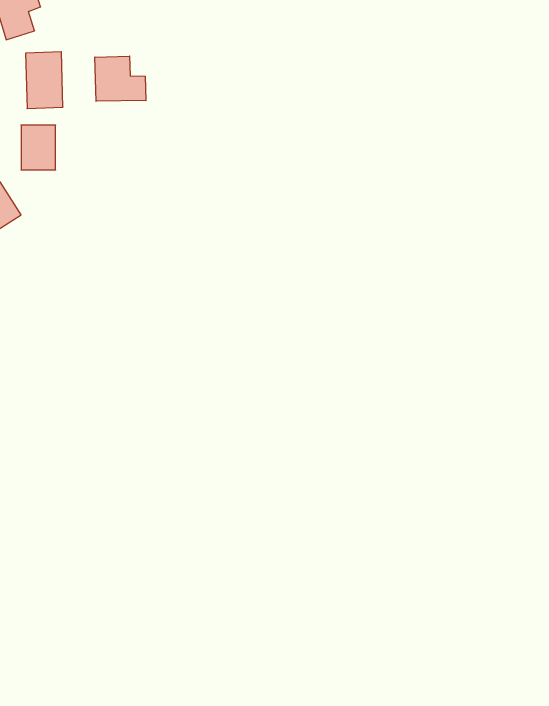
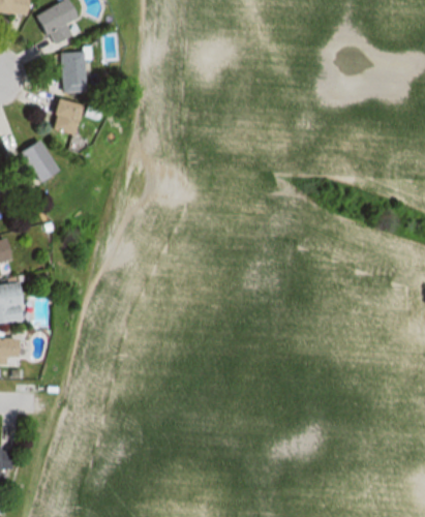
building: [95,56,146,101] -> none

